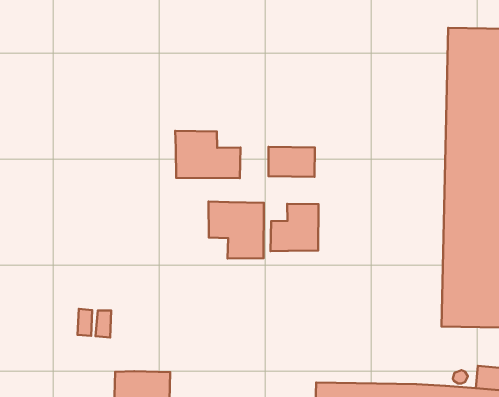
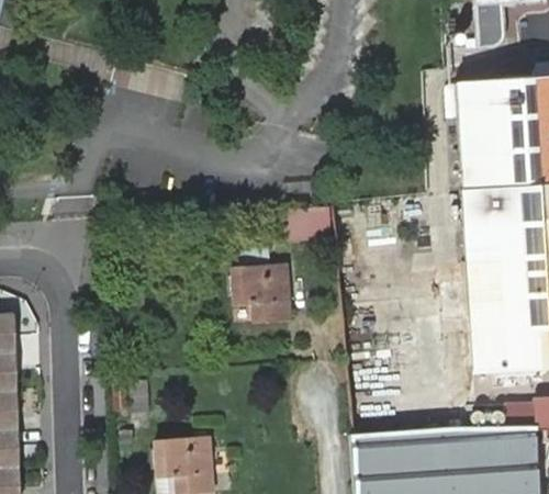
building: [175,131,240,178] -> none
building: [271,204,319,251] -> none

